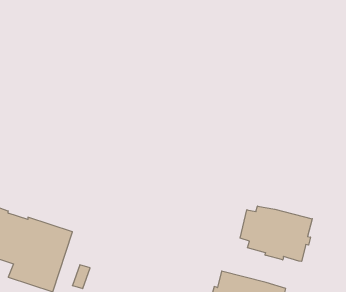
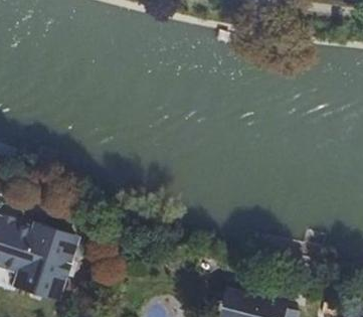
building: [240,206,312,261] -> none

